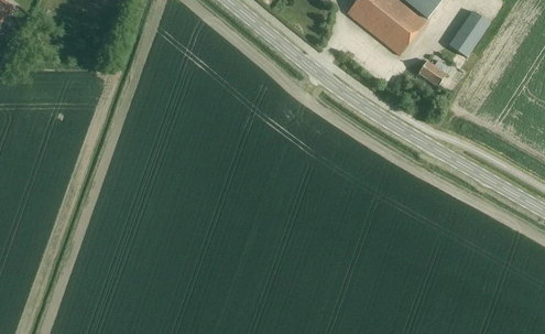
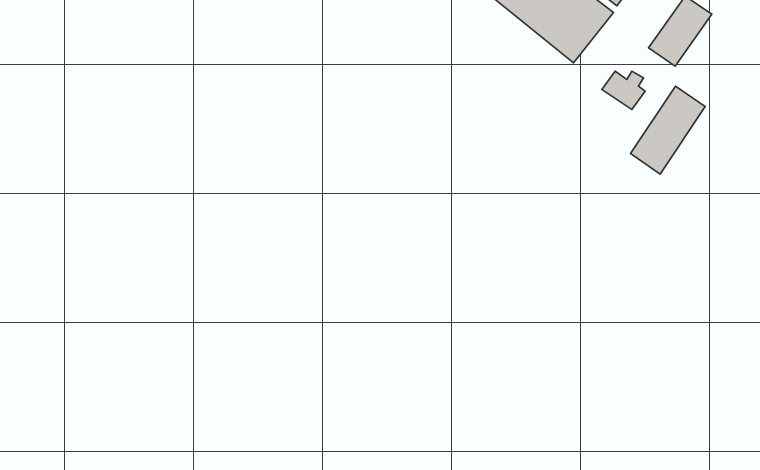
building: none -> [630,86,705,174]

